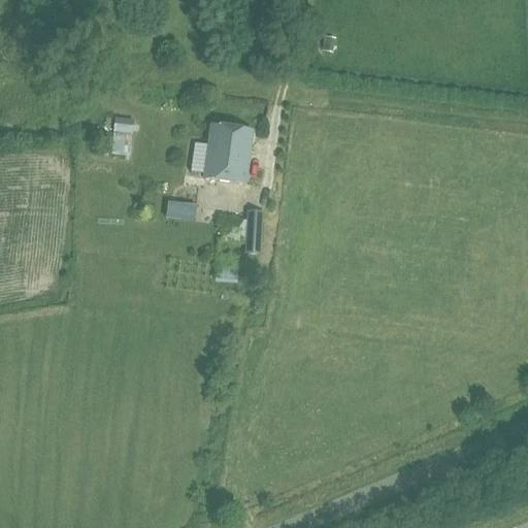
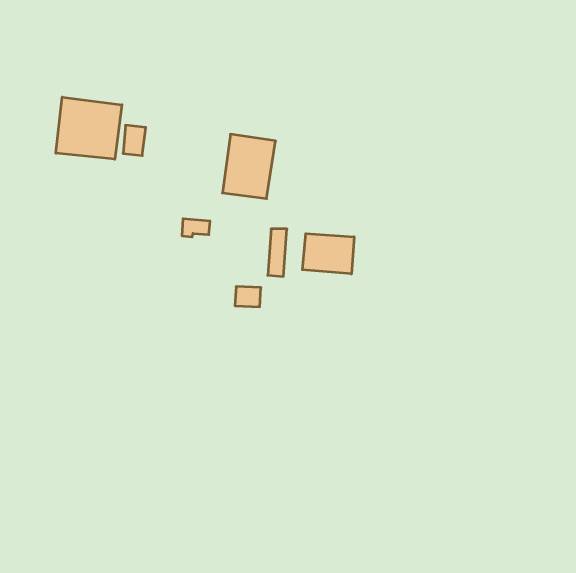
building: none -> [56,97,122,159]
building: none -> [302,234,354,274]

